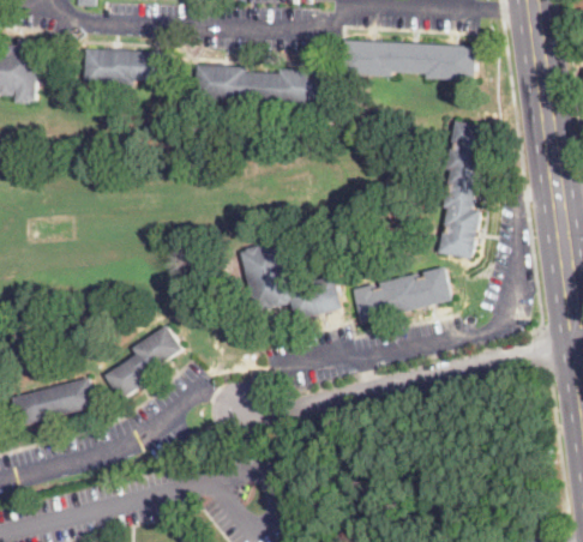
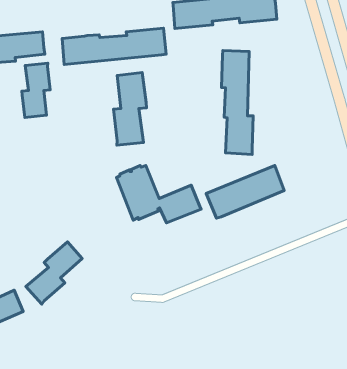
building: none -> [22,63,50,117]
building: [437,121,486,259] -> [222,51,253,155]
building: none -> [113,72,147,145]

